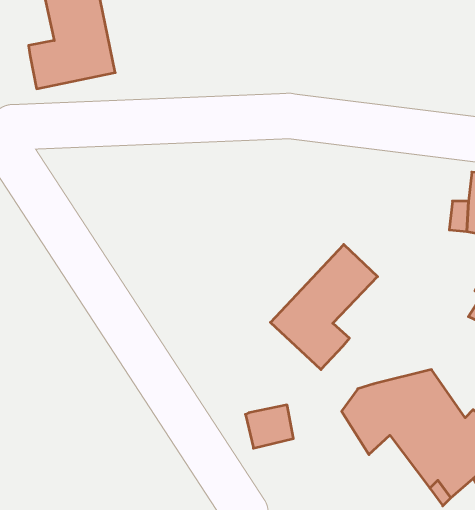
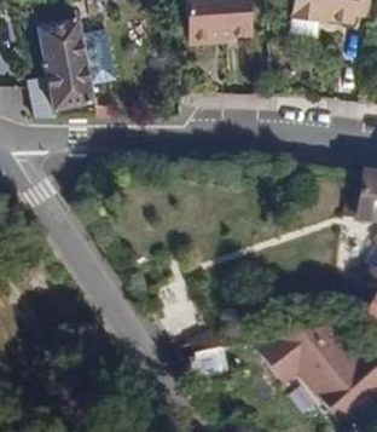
building: [270,244,378,370] -> none

